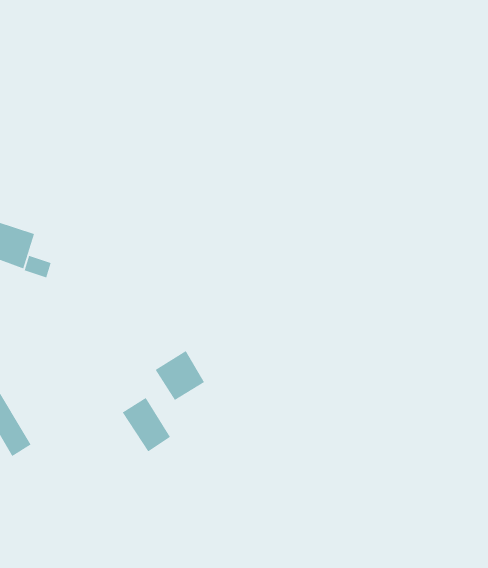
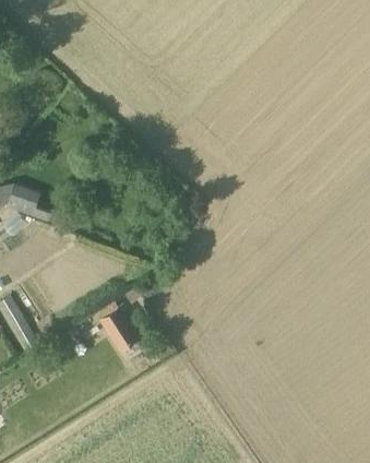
building: [155,350,205,401] -> none

